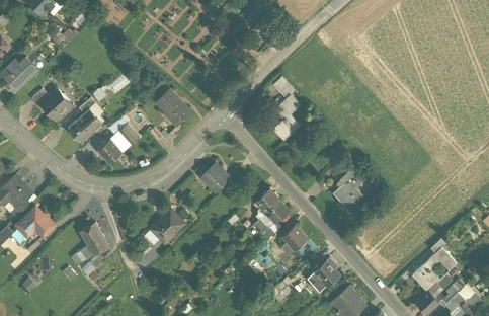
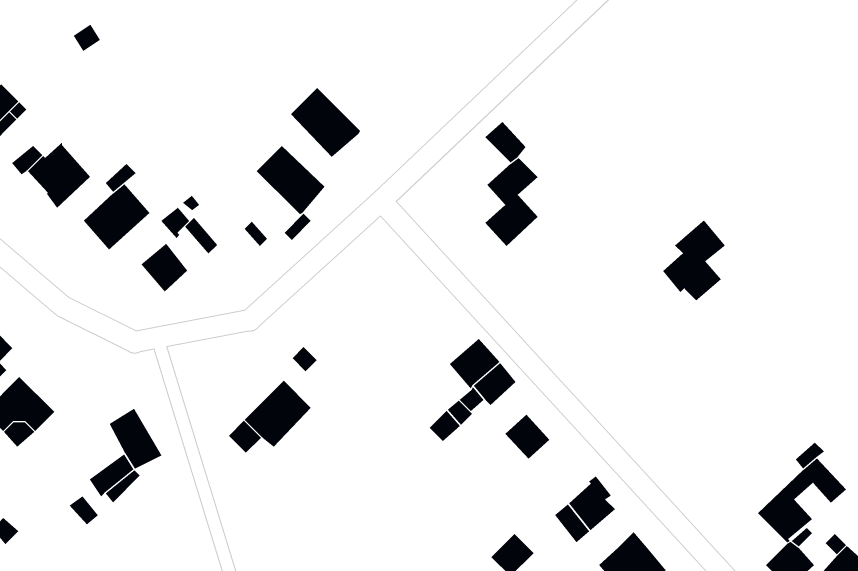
building: none -> [290,87,361,158]
building: [200,163,230,192] -> none
building: [333,166,365,208] -> [662,219,726,301]

